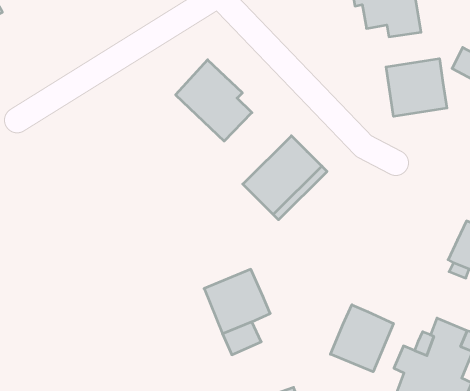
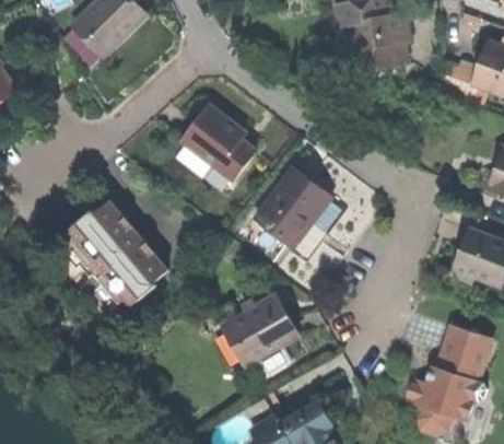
building: [386,59,447,116] -> none
building: none -> [61,197,166,307]
building: [330,305,393,372] -> none

